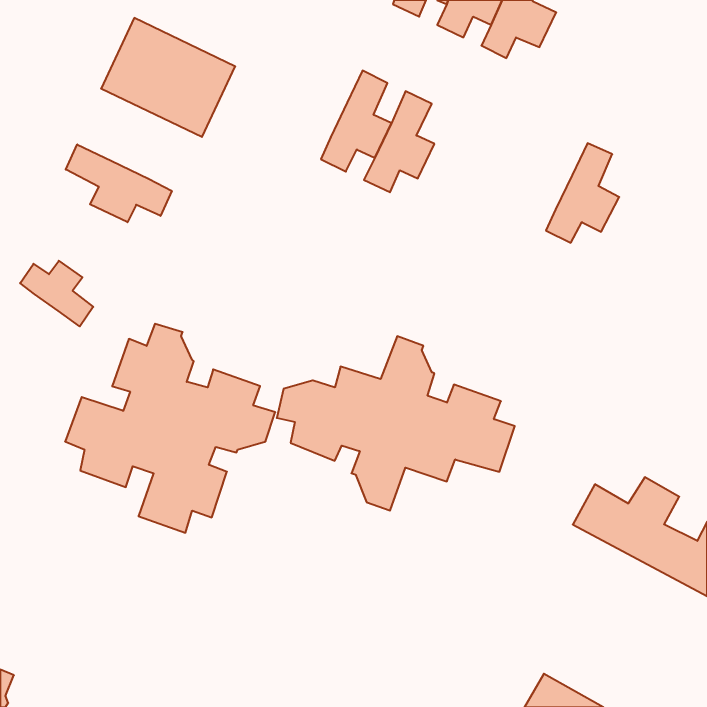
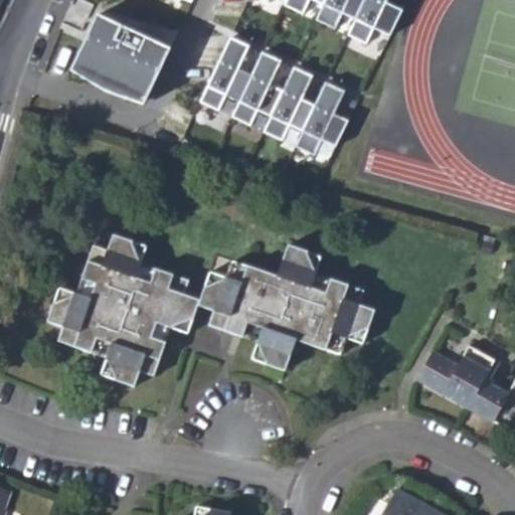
building: none -> [201,36,252,110]
building: [546,143,619,243] -> [297,81,350,154]
building: [66,144,172,222] -> none
building: [20,261,93,326] -> none

